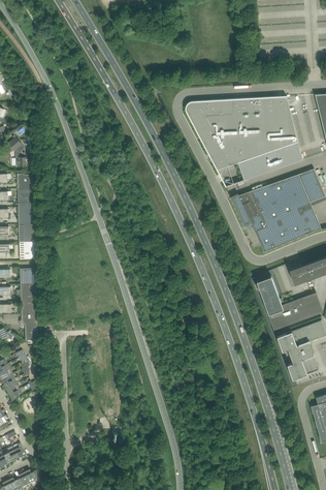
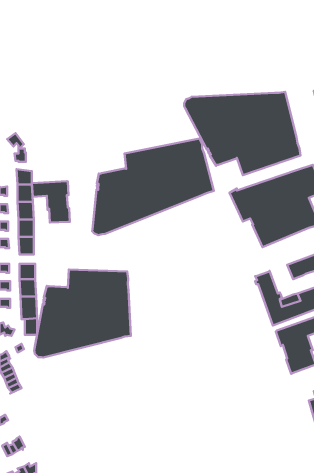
building: none -> [92,138,214,235]
building: none -> [32,181,70,223]
building: none -> [34,270,131,357]

